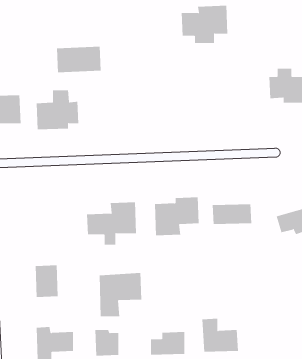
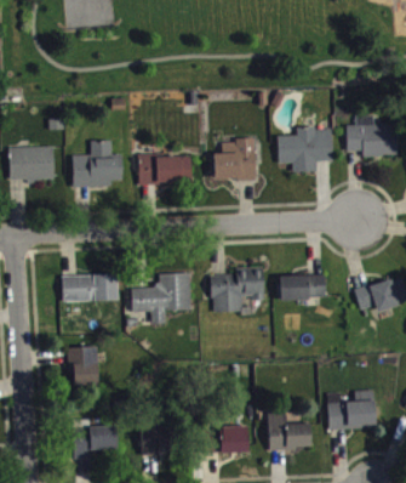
building: [181,5,228,43] -> [276,127,332,172]
building: [56,46,101,73] -> [138,154,191,186]
building: none -> [213,140,256,181]
building: none -> [61,275,118,302]
building: [99,272,142,317] -> none
building: none -> [327,391,376,430]

